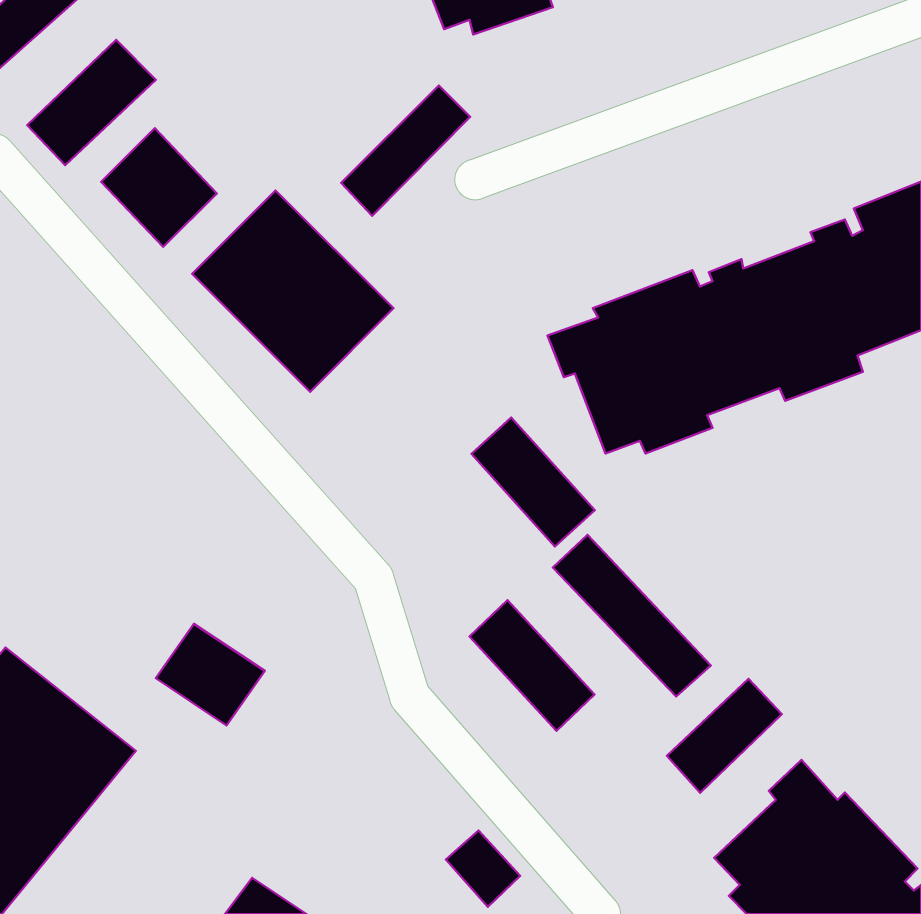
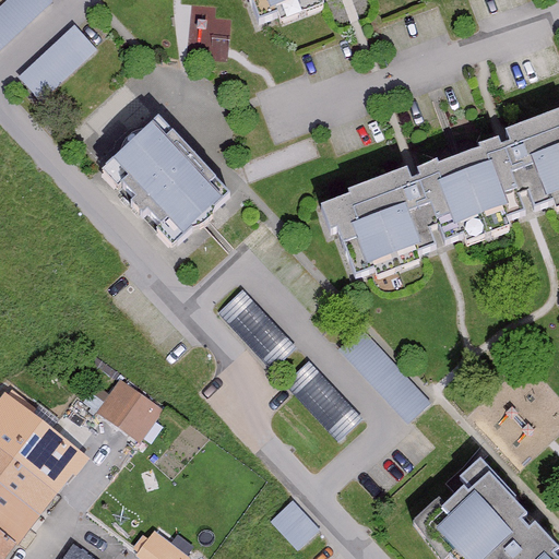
building: [341,85,470,216] -> none
building: [101,128,217,247] -> none
building: [471,418,595,546] -> [217,288,292,366]
building: [667,679,782,793] -> none

